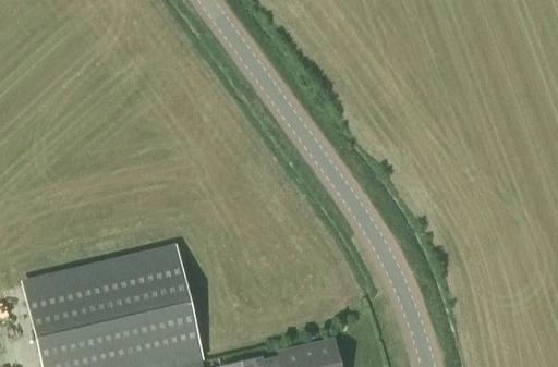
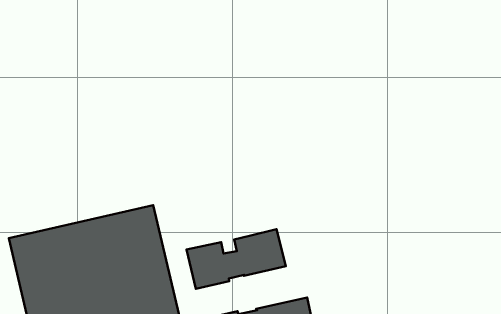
building: none -> [186,229,286,289]

